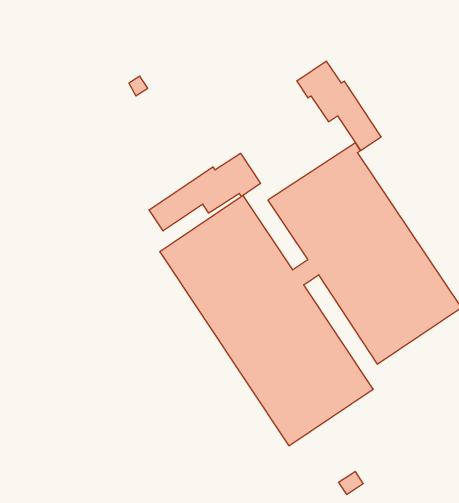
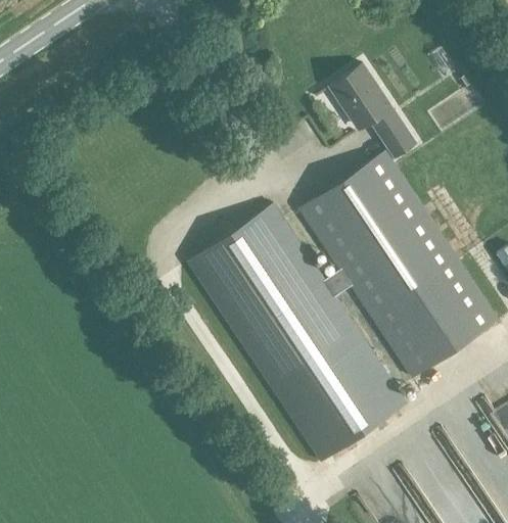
building: [149,153,261,231] -> none

